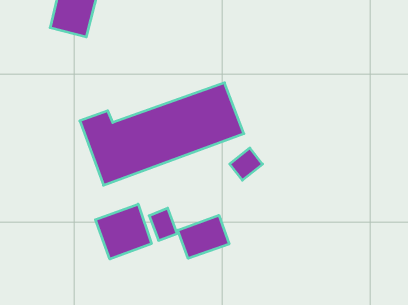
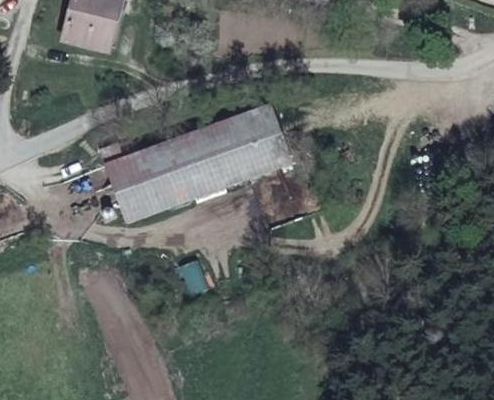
building: [95,204,151,259] -> none
building: [178,215,229,258] -> none

